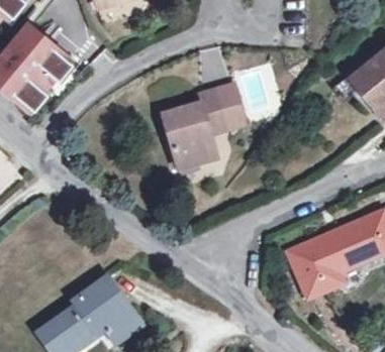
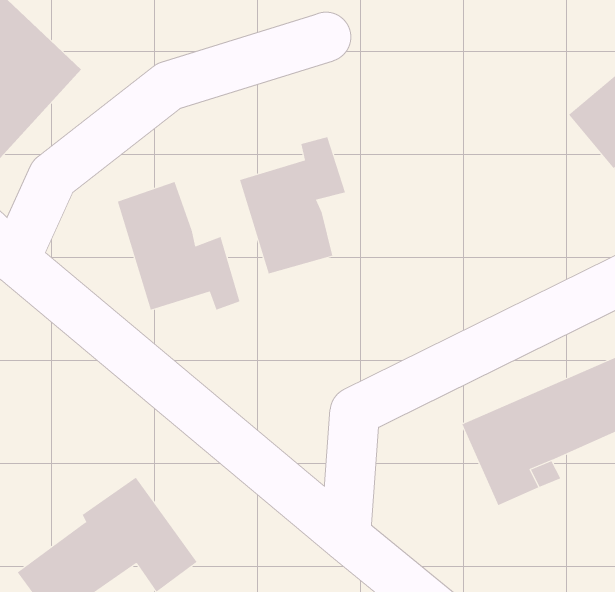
building: [207,85,244,132] -> none
building: none -> [117,181,240,311]

